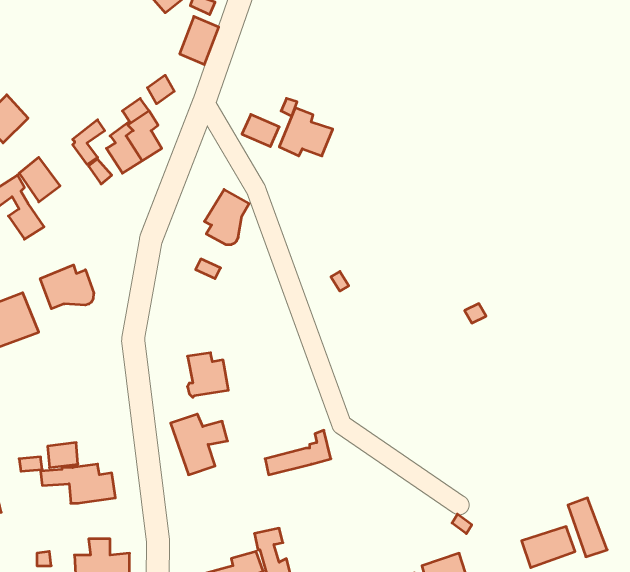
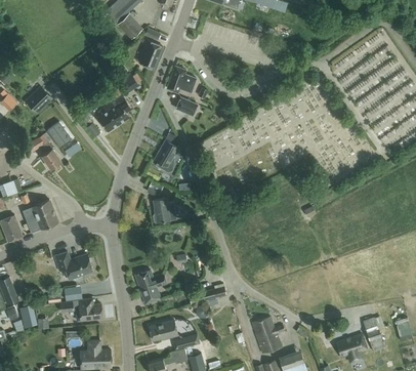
building: [279,108,333,156] -> [166,66,197,93]
building: [40,265,94,309] -> none
building: [187,353,228,397] -> [153,198,176,223]
building: none -> [54,252,95,282]
building: none -> [252,317,285,354]
building: none -> [149,320,178,341]

